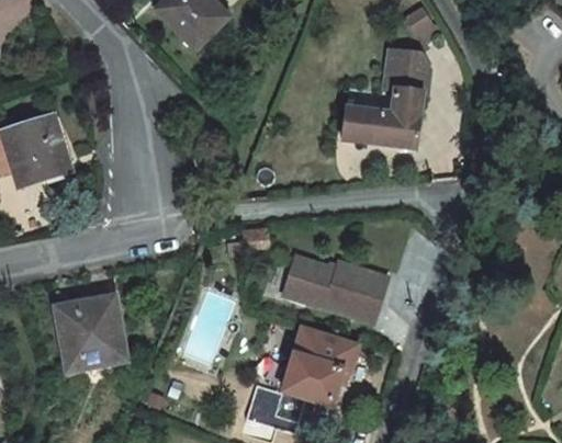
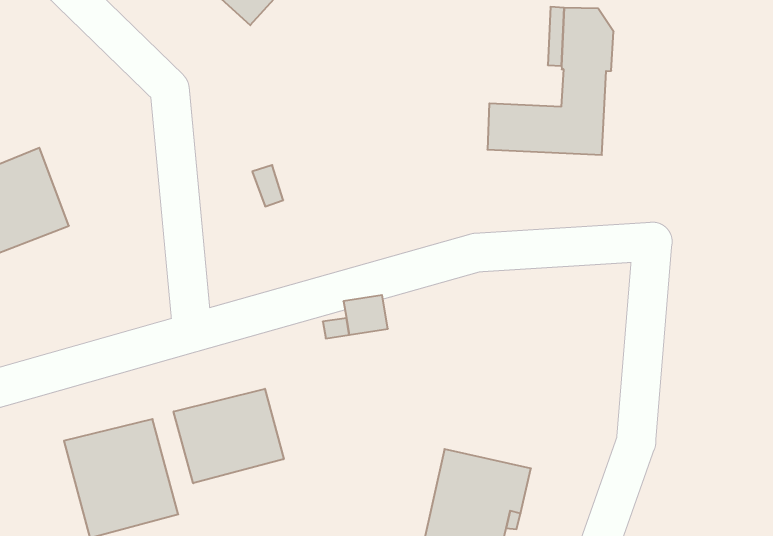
building: [282,255,386,321] -> none
building: none -> [174,389,284,483]

